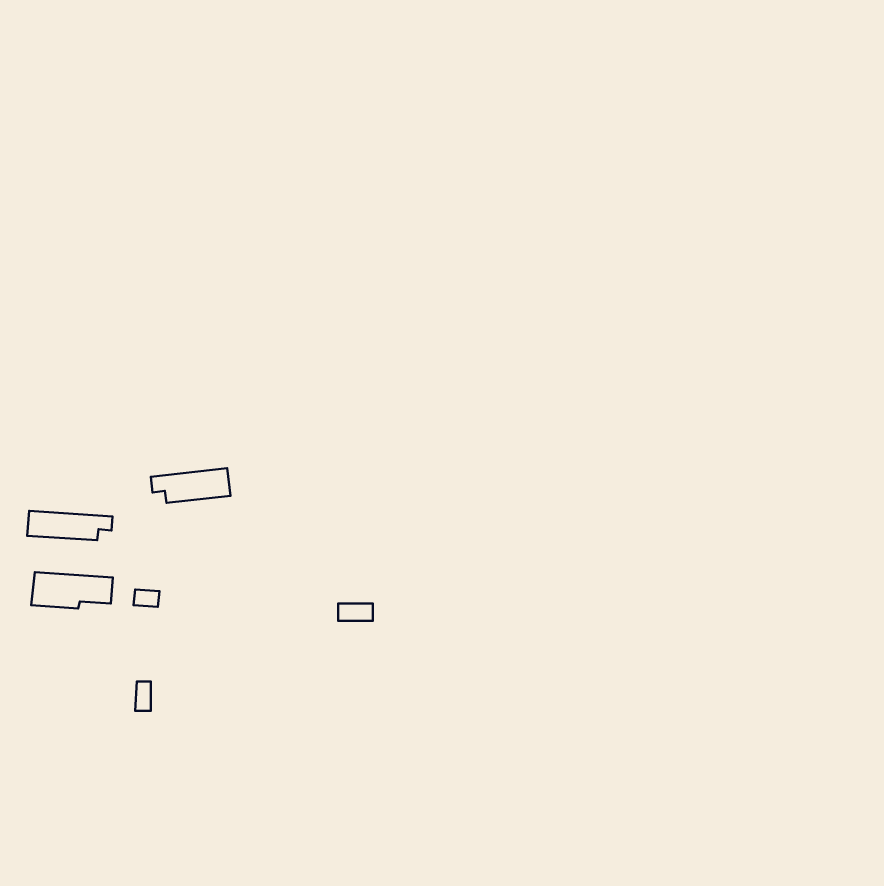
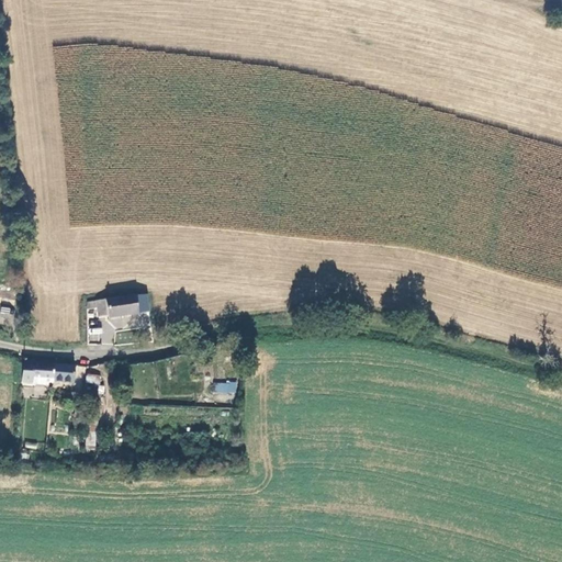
building: [27,511,113,540] -> none

